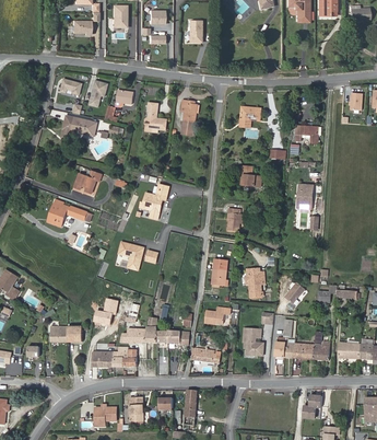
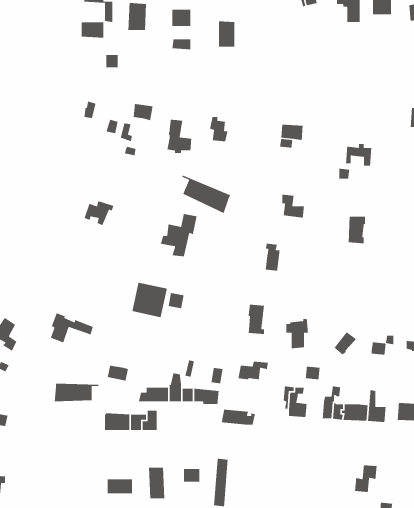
building: [61,117,96,139] -> none
building: none -> [181,175,231,214]
building: [49,199,86,225] -> [50,312,94,343]

